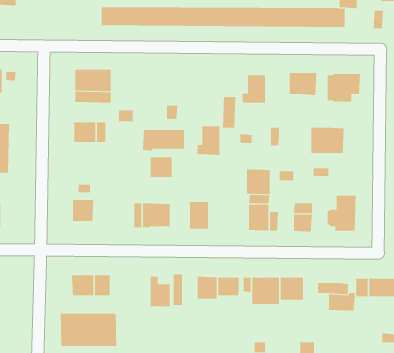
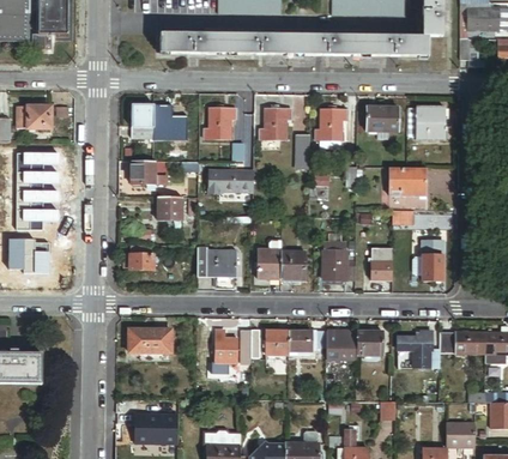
building: none -> [204,107,230,139]
building: [196,126,220,155] -> [259,108,285,140]
building: [150,157,173,177] -> [157,197,182,219]
building: [246,169,270,195] -> [279,250,306,279]
building: [60,313,117,347] -> none

